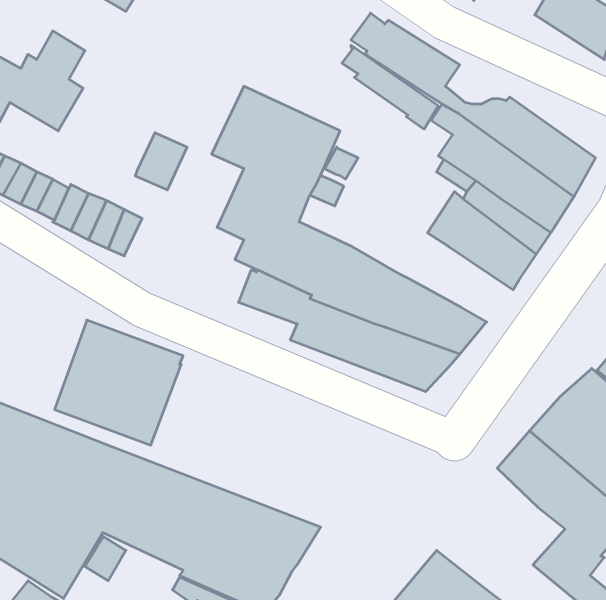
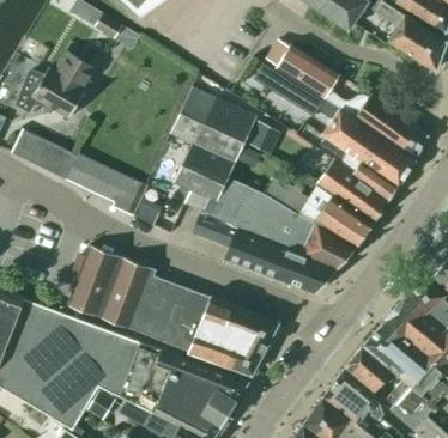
building: [135,133,187,190] -> [113,177,147,215]
building: none -> [267,180,375,247]
building: none -> [132,275,278,375]
building: none -> [346,345,392,391]
building: none -> [323,373,381,426]

